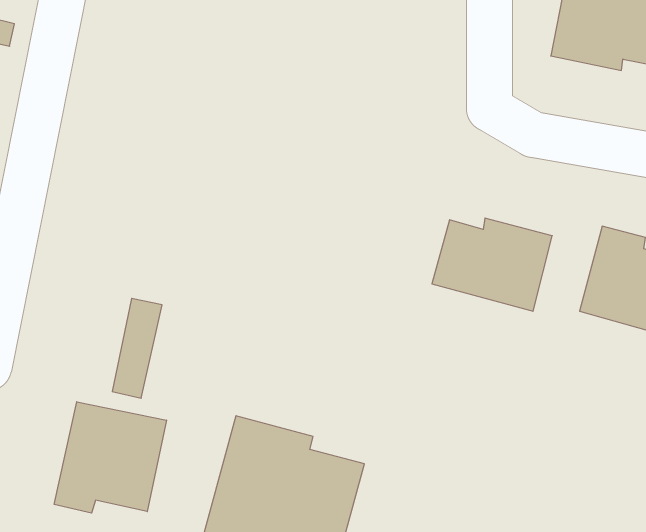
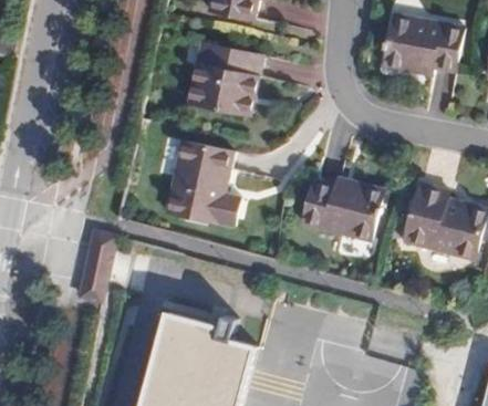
building: none -> [187,42,260,114]
building: none -> [164,140,238,226]
building: [54,402,166,513] -> none

